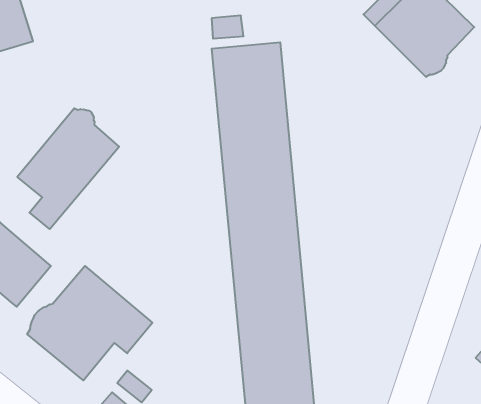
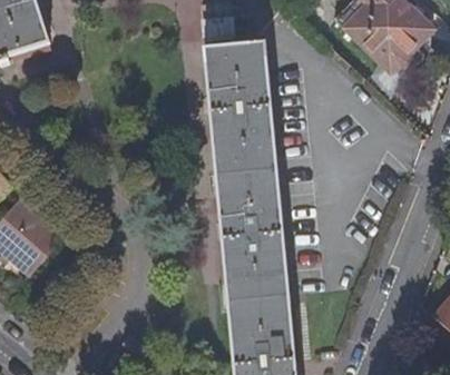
building: [17,108,119,229] -> none
building: [27,266,152,380] -> none

